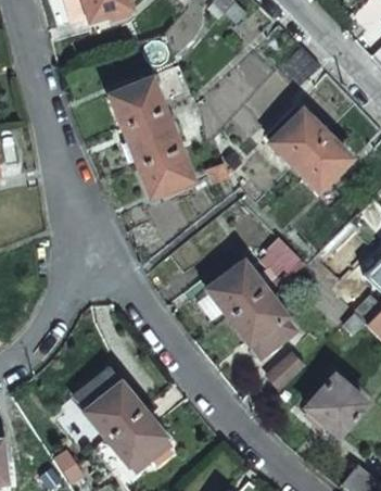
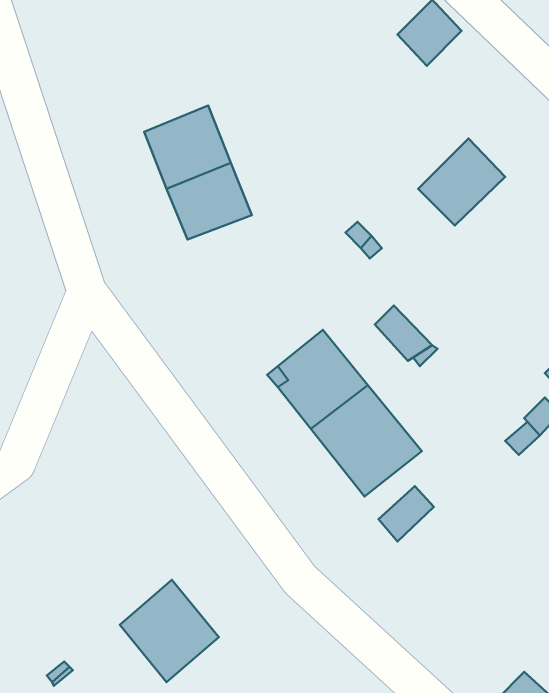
building: [111,80,164,129] -> none
building: [270,109,327,165] -> none
building: [75,370,141,438] -> none
building: [308,374,369,433] -> none

